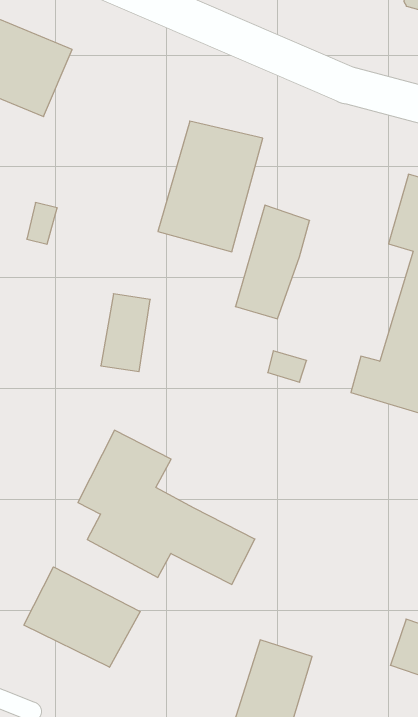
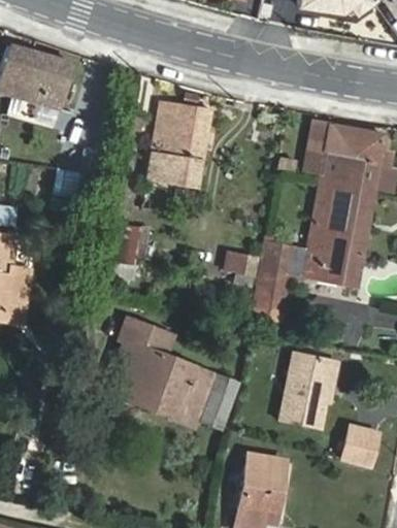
building: [235,205,310,319] -> [251,242,295,320]
building: none -> [278,351,334,428]
building: [24,567,140,667] -> none

